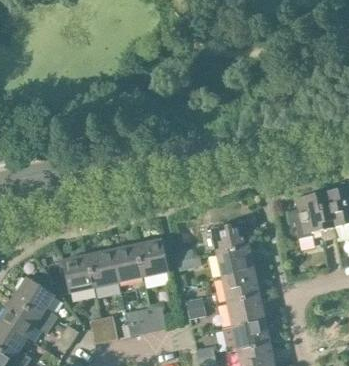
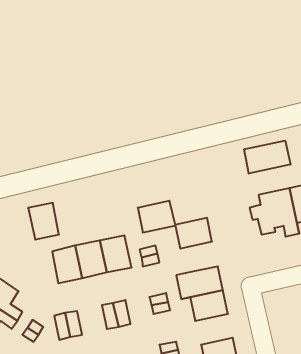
building: none -> [244,141,291,174]
building: [216,245,254,277] -> [138,201,175,233]
building: [62,255,93,292] -> [28,203,59,240]
building: [223,318,269,351] -> none

